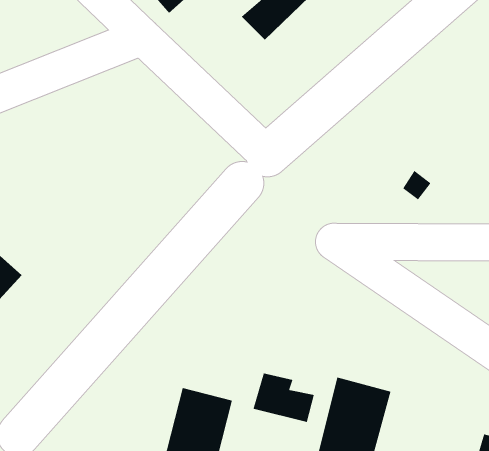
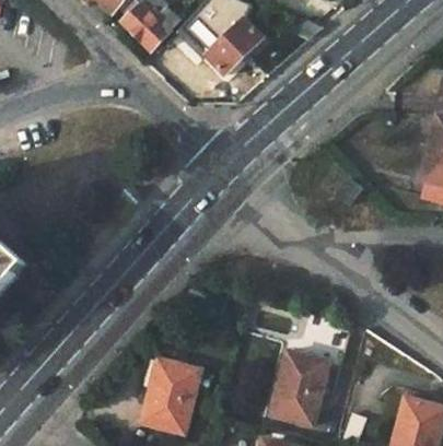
building: [253,372,315,423] -> none

